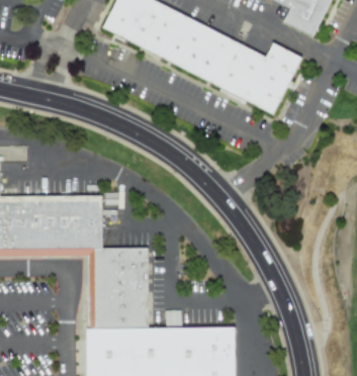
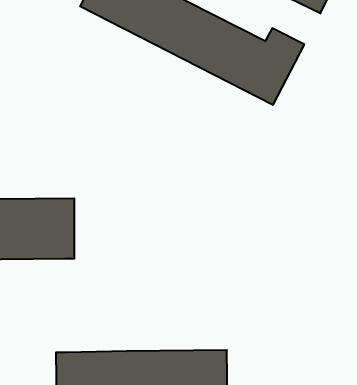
building: [93,248,147,330] -> none

